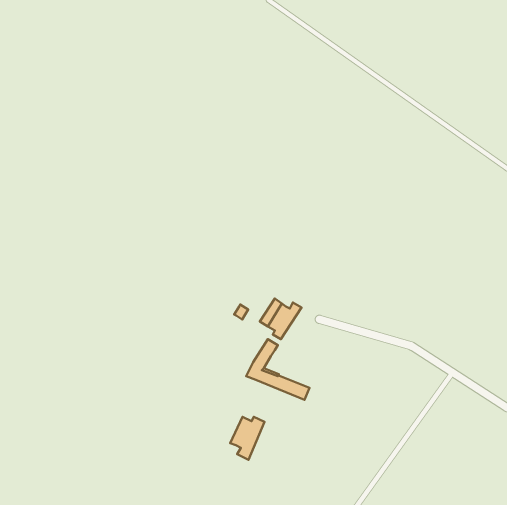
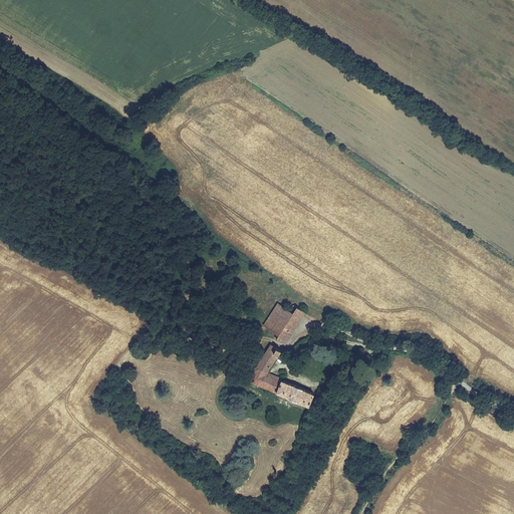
building: [230,417,264,460] -> none

